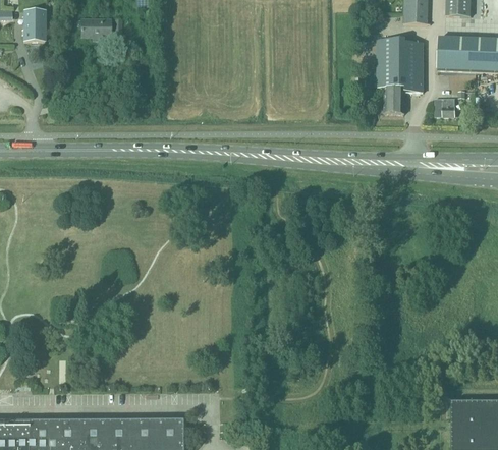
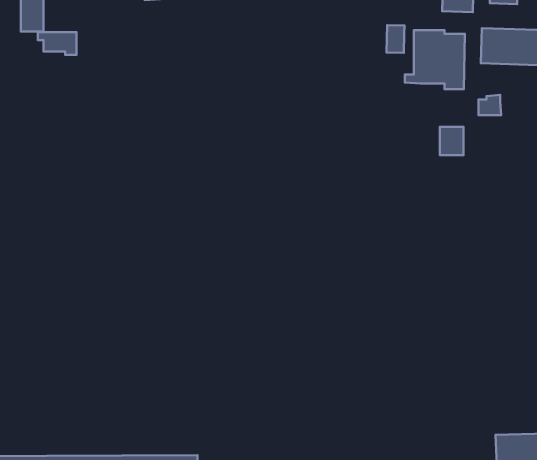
building: [75,19,110,40] -> [38,32,76,55]
building: none -> [387,25,404,53]
building: [384,87,405,112] -> [440,127,463,155]

